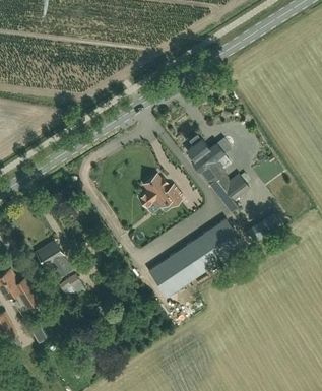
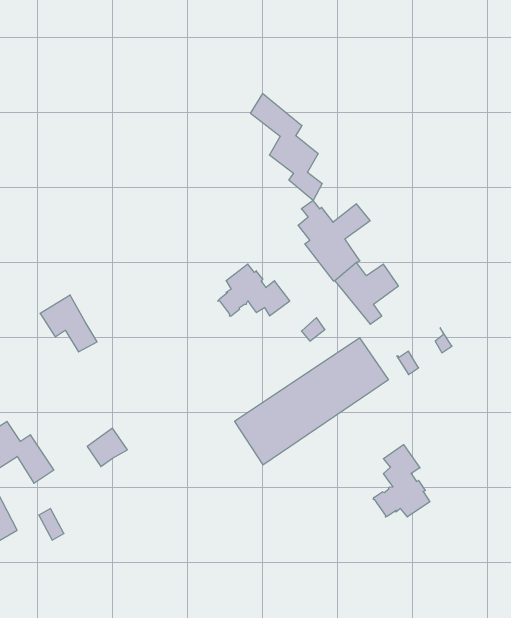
building: none -> [251,93,322,201]
building: [37,241,71,275] -> [40,295,97,352]
building: none -> [373,445,430,517]

